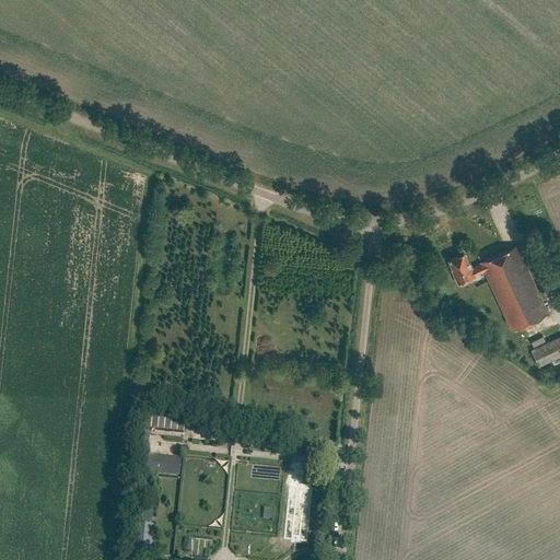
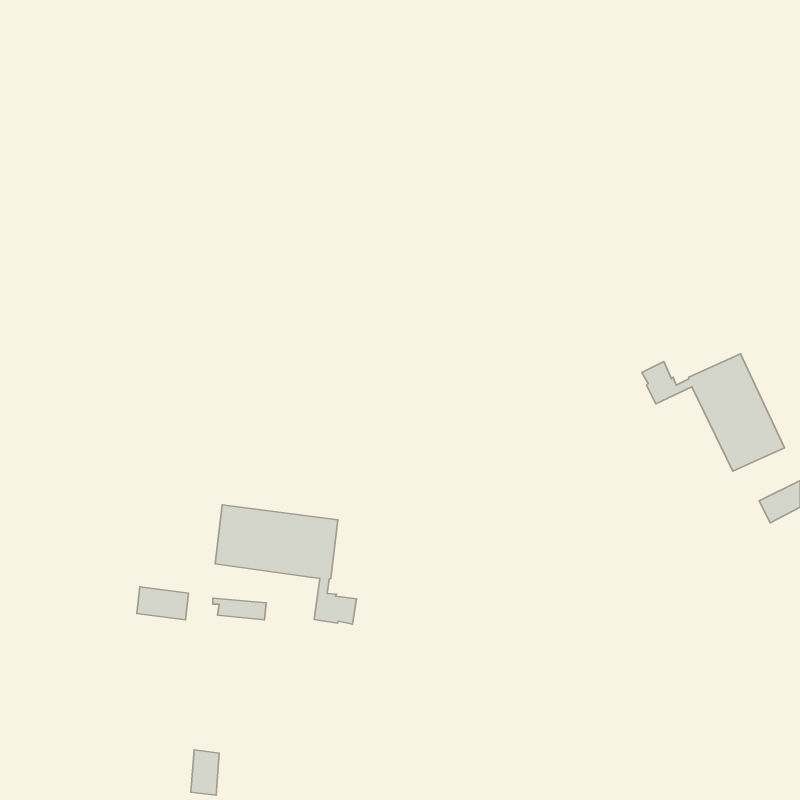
building: none -> [215,505,356,624]
building: [145,455,182,478] -> [137,587,188,620]

